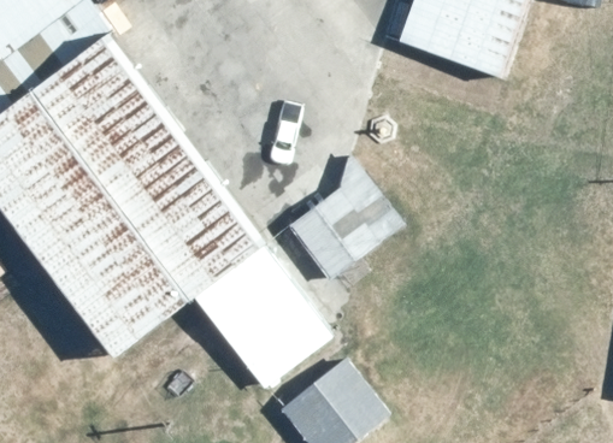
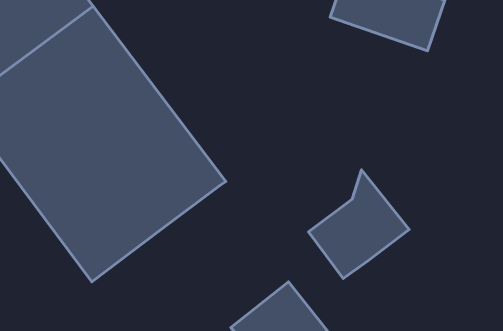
building: [284,154,403,283] -> [309,170,409,278]
building: [191,242,335,390] -> none

